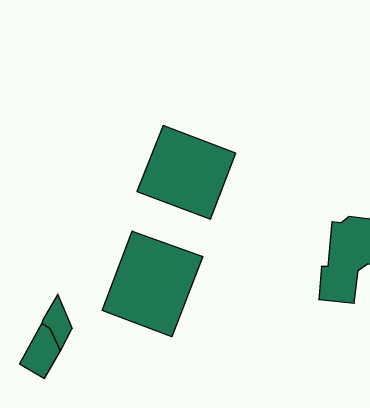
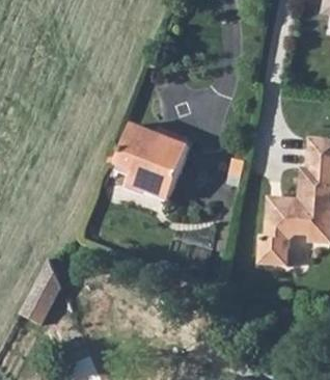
building: [102,231,203,337] -> none

